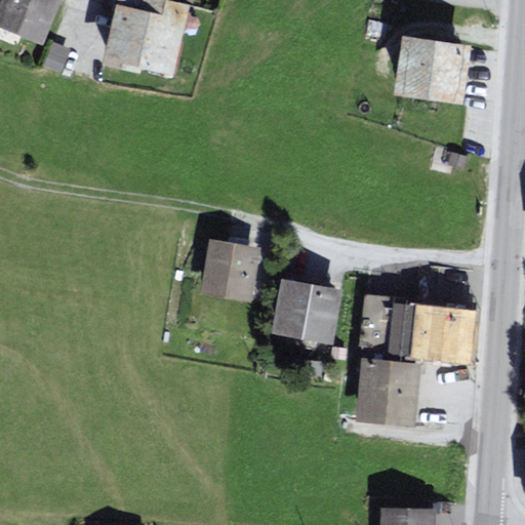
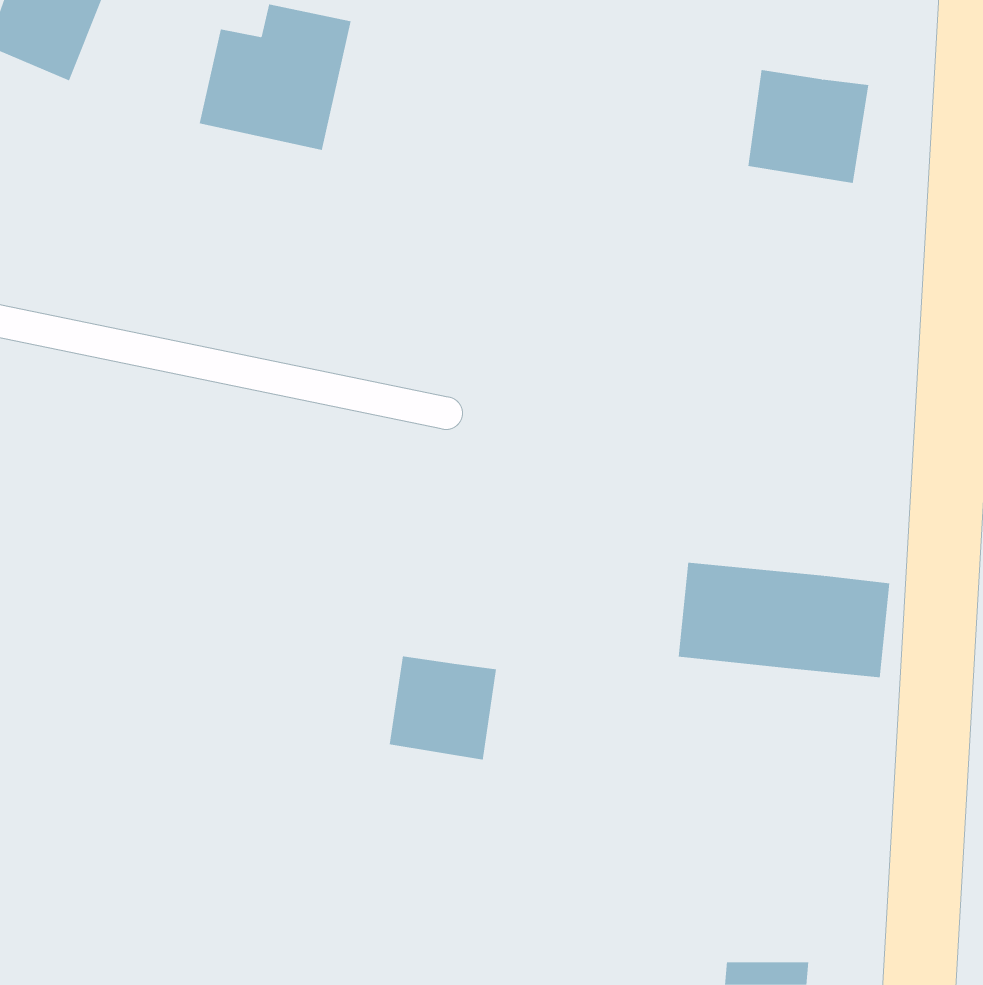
building: [202,241,253,296] -> none
building: [278,282,335,337] -> [389,656,497,760]
building: [357,361,415,420] -> none

